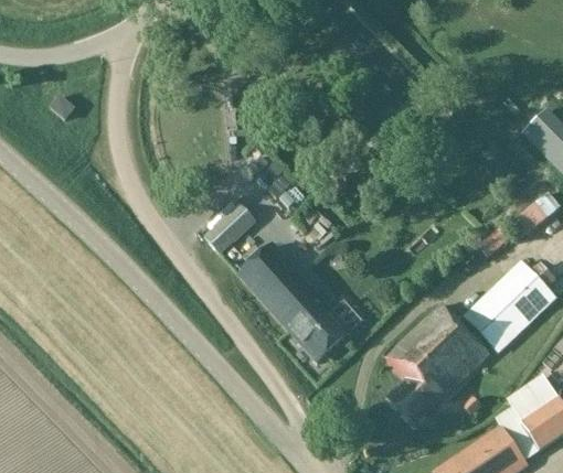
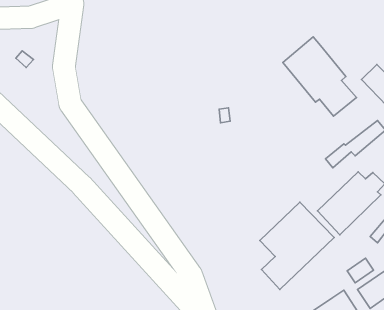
building: none -> [283,37,356,116]
building: [205,203,256,252] -> none
building: [238,243,353,362] -> none

